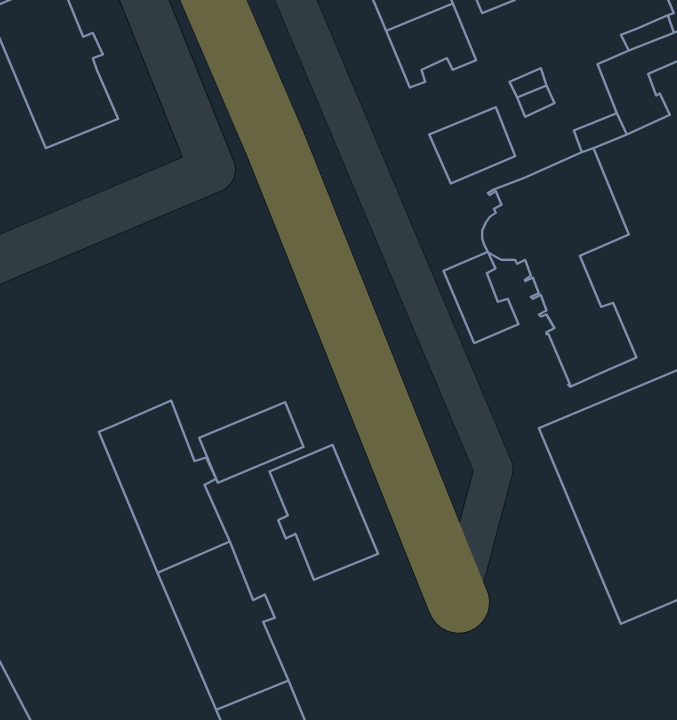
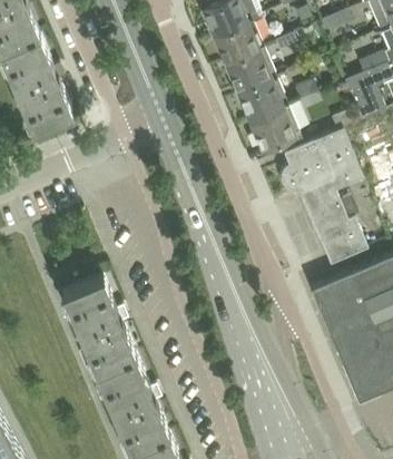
building: none -> [237,79,286,123]
building: [444,252,519,343] -> none
building: [199,402,304,483] -> none
building: [269,445,378,580] -> none

